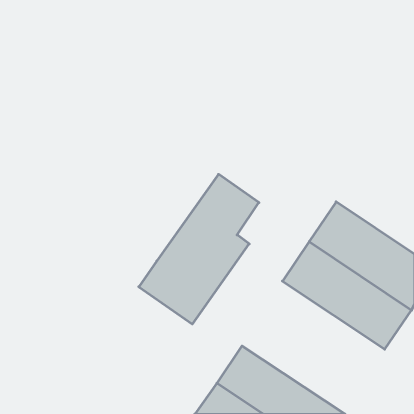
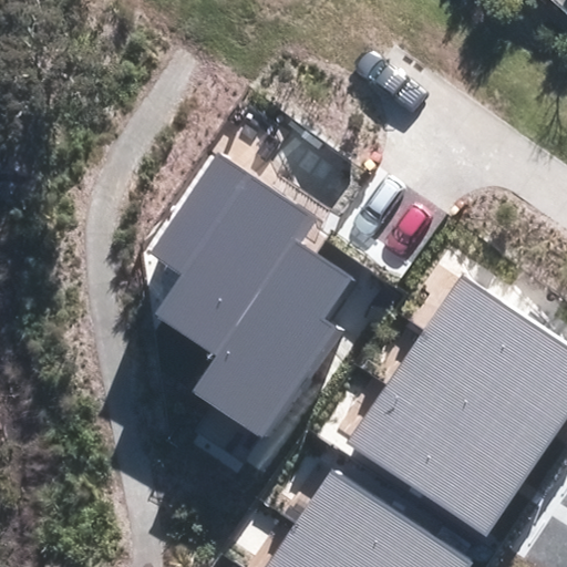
building: none -> [151,154,312,357]
building: none -> [347,384,526,536]

